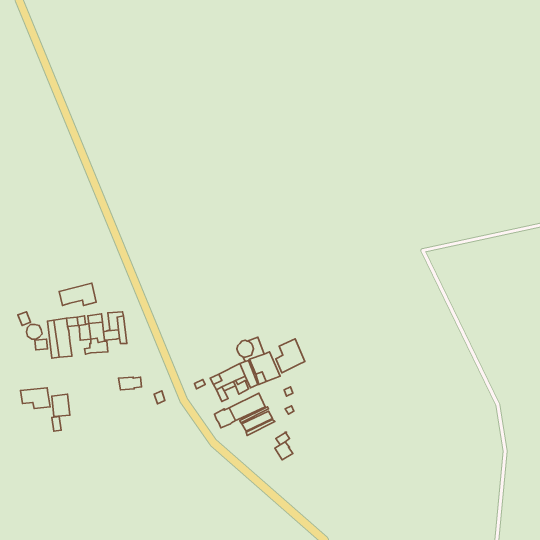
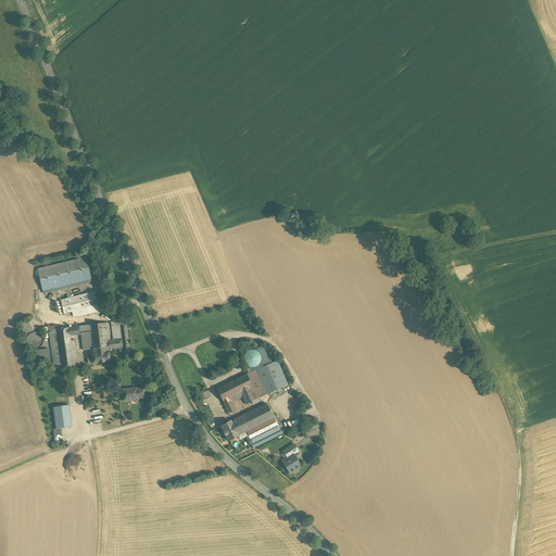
building: none -> [38,257,91,290]
building: [276,339,305,373] -> none
building: [20,388,50,408] -> none

